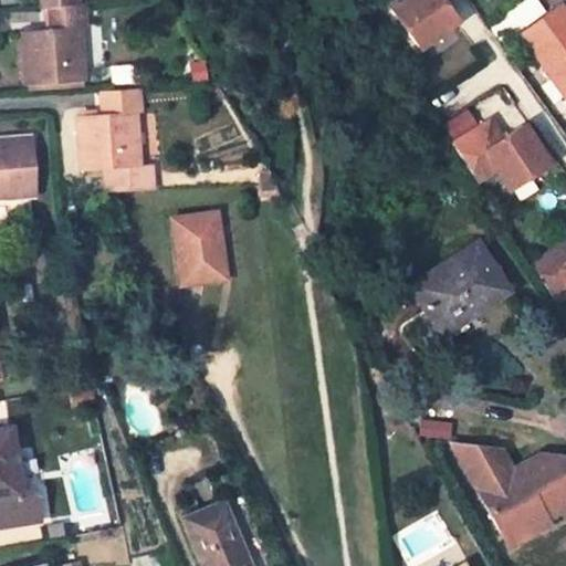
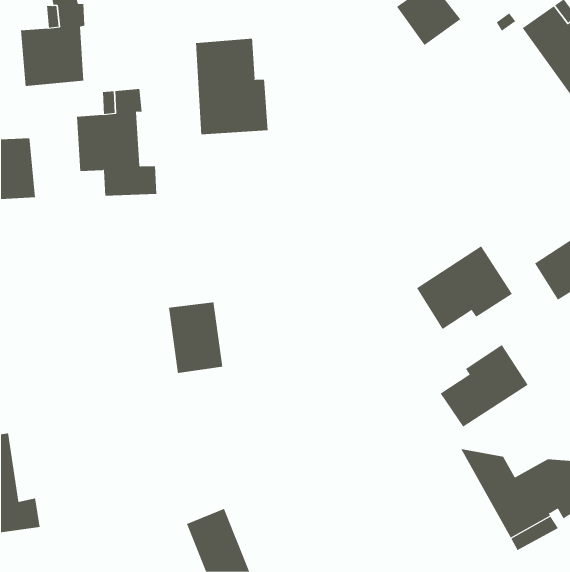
building: none -> [195,38,268,135]
building: [454,118,551,188] -> none
building: [172,212,227,283] -> [168,302,223,374]
building: none -> [440,344,528,427]

